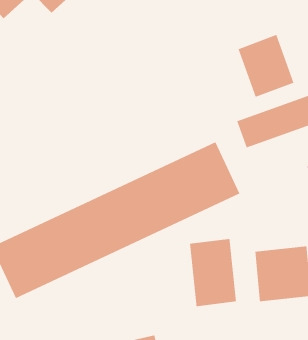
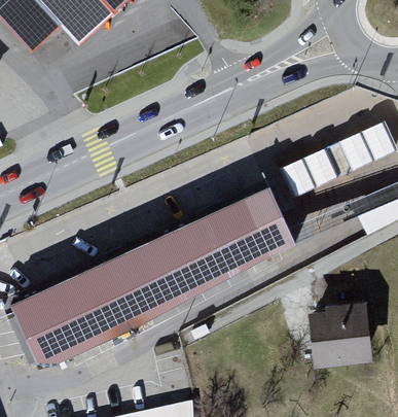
building: [238,34,294,98] -> none
building: [189,238,237,307] -> none

